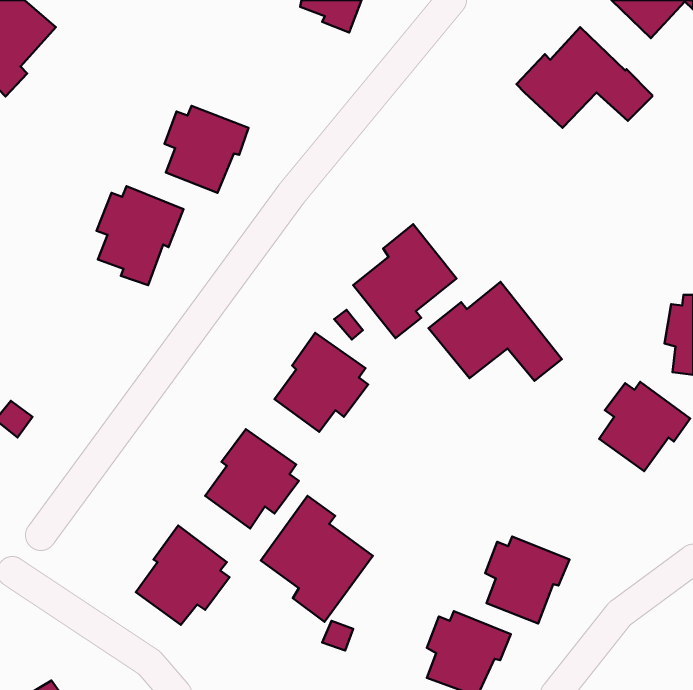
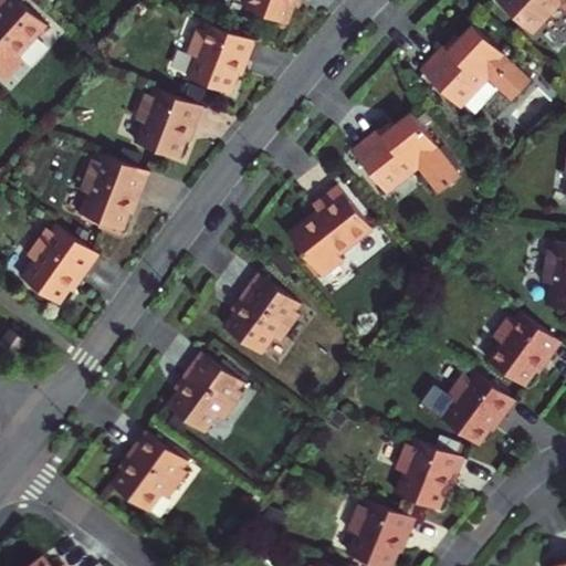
building: none -> [186,24,255,94]
building: none -> [21,227,99,305]
building: [429,282,562,381] -> [352,114,460,195]
building: none -> [441,373,515,446]
building: [261,496,373,622] -> none

